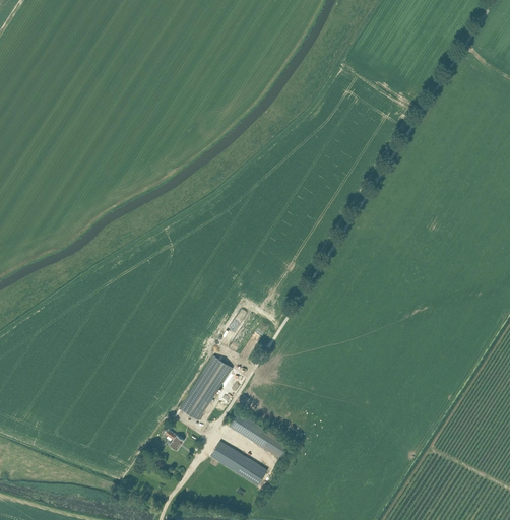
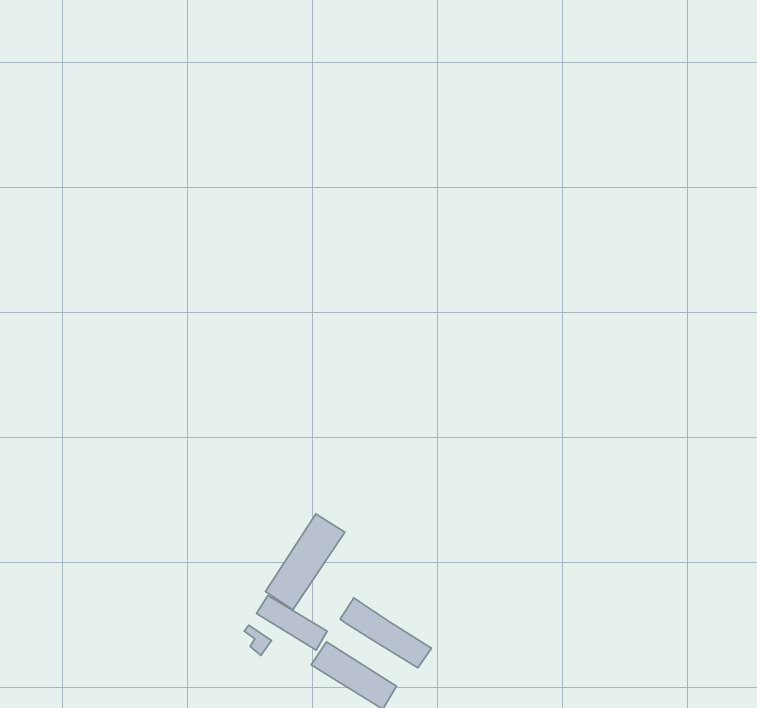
building: none -> [257,596,327,650]

